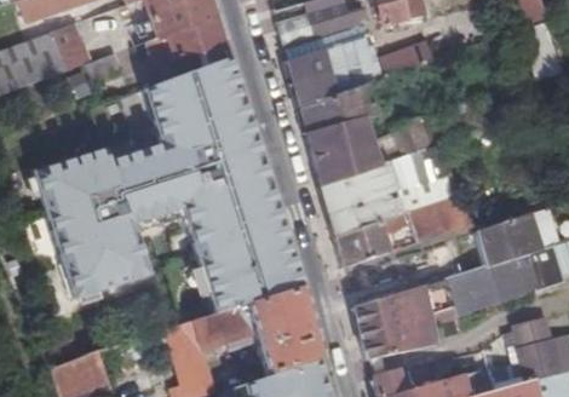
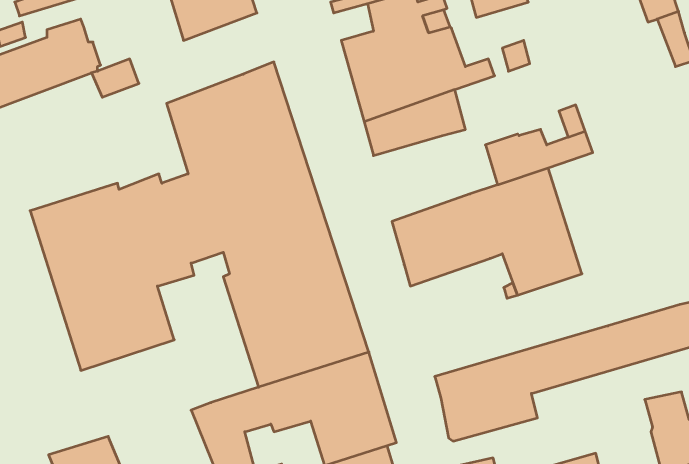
building: [148,18,226,67] -> none
building: [305,115,381,183] -> none
building: [479,211,547,265] -> none
building: [334,212,401,266] -> none

